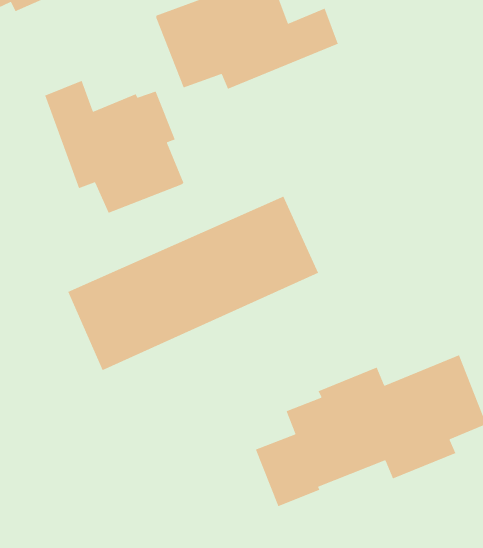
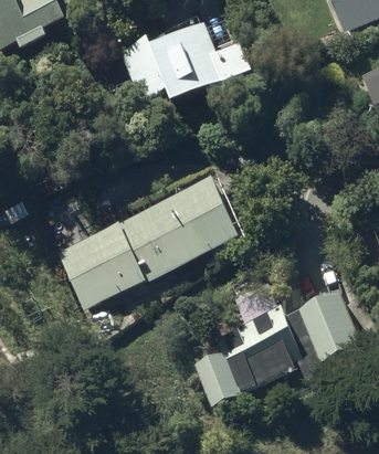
building: [44,80,184,214] -> none

